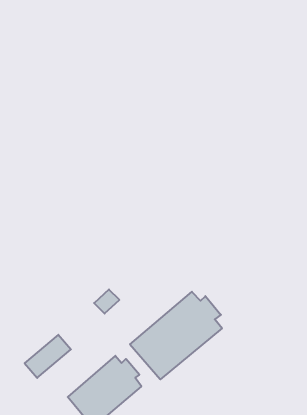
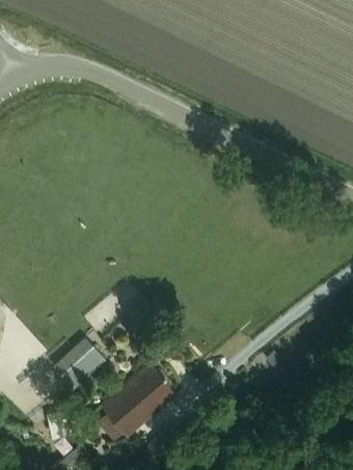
building: [130,292,222,379] -> none

